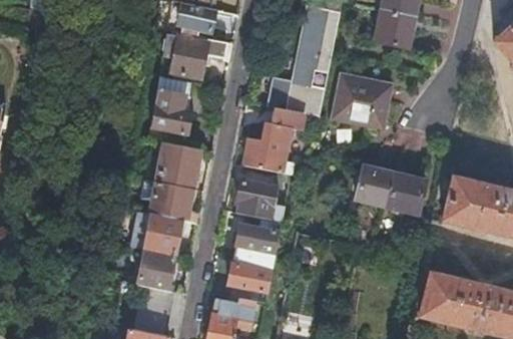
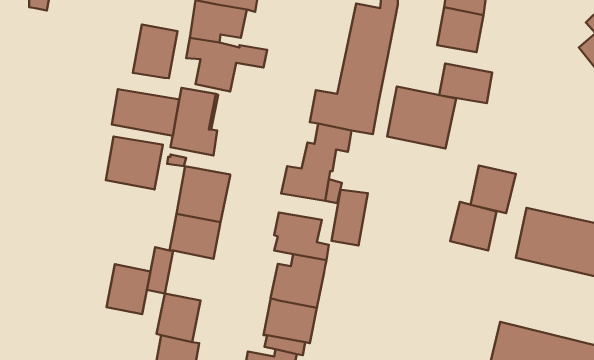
building: none -> [133,25,177,78]
building: none -> [439,64,492,103]
building: none -> [112,89,179,136]
building: none -> [106,137,163,190]
building: none -> [331,190,368,246]
building: [356,164,394,205] -> [471,165,516,213]
building: [145,213,182,255] -> [106,264,150,314]

